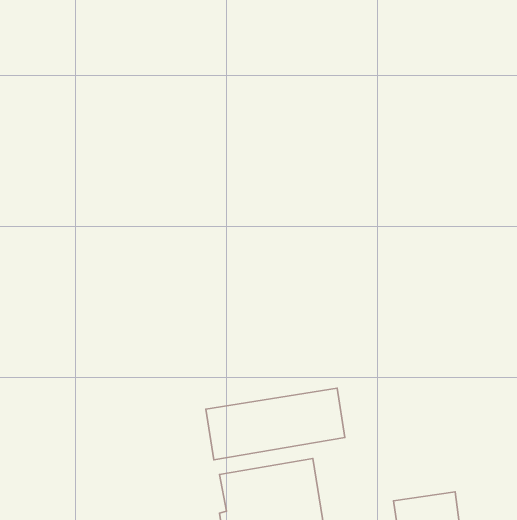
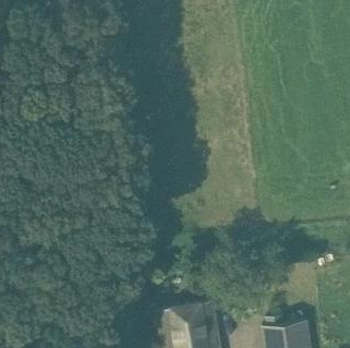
building: [206,388,345,460] -> none

